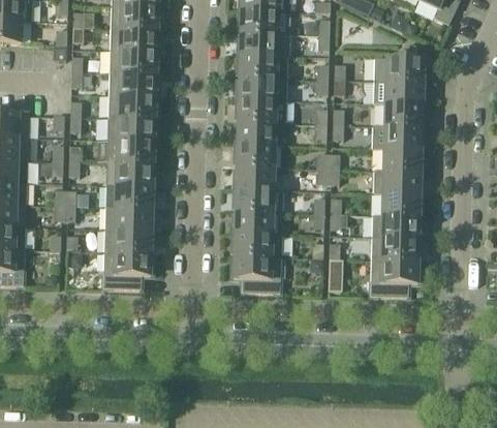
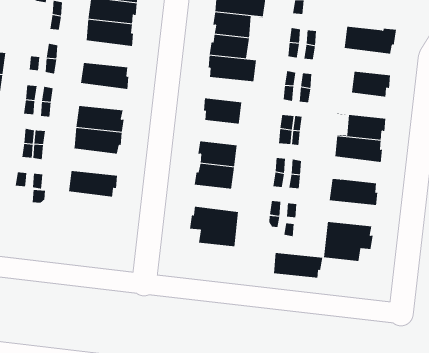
building: [373,80,425,103] -> none
building: [107,94,157,118] -> none
building: [235,121,284,144] -> none
building: [371,124,423,148] -> none
building: [106,139,156,162] -> none
building: [234,165,273,188] -> none
building: [372,191,422,215] -> none
building: [104,206,154,230] -> none
building: [231,233,281,256] -> none
building: [371,237,421,259] -> [273,252,323,278]
building: [102,250,152,288] -> none

